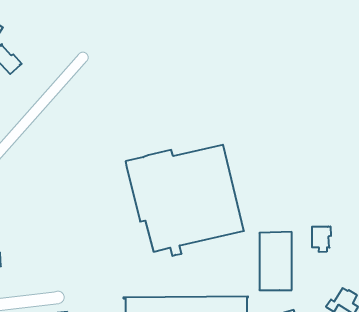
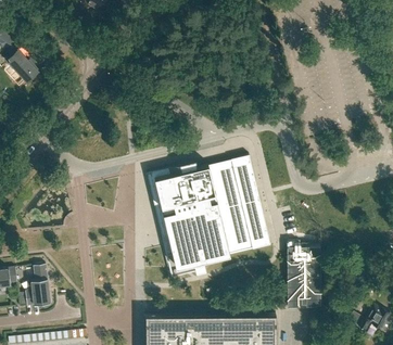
building: [312,226,331,252] -> none
building: none -> [25,265,50,307]

